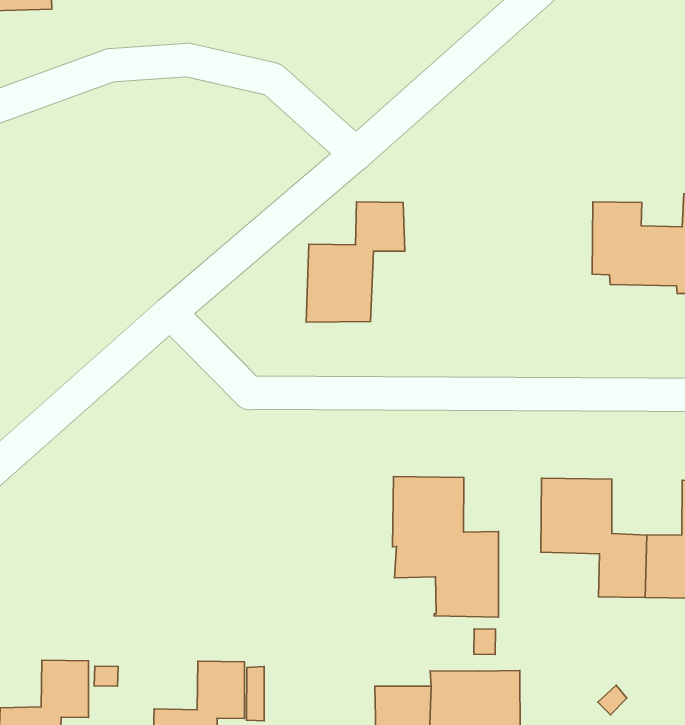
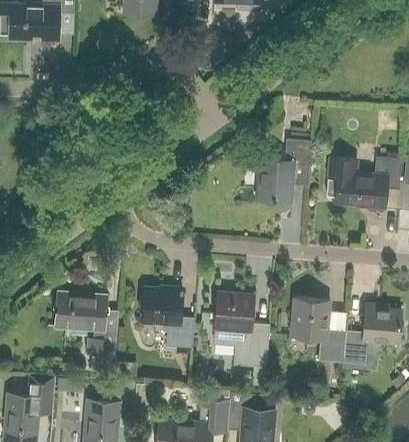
building: [306,202,405,322] -> [256,139,310,201]
building: none -> [142,288,194,349]
building: none -> [47,292,118,372]

